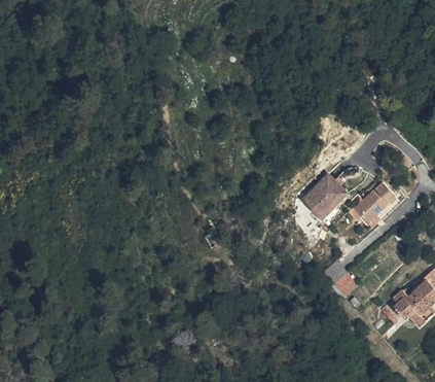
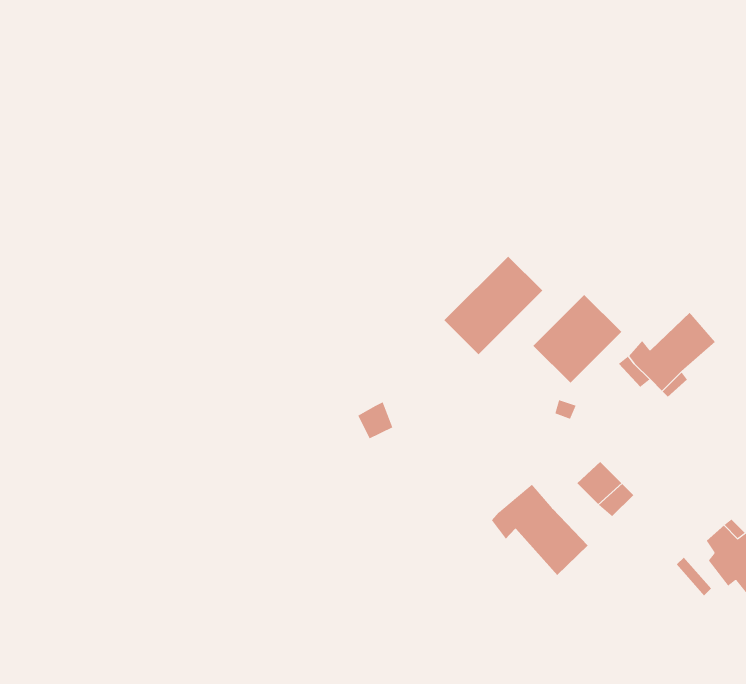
building: none -> [444,256,543,355]
building: none -> [491,484,588,576]

